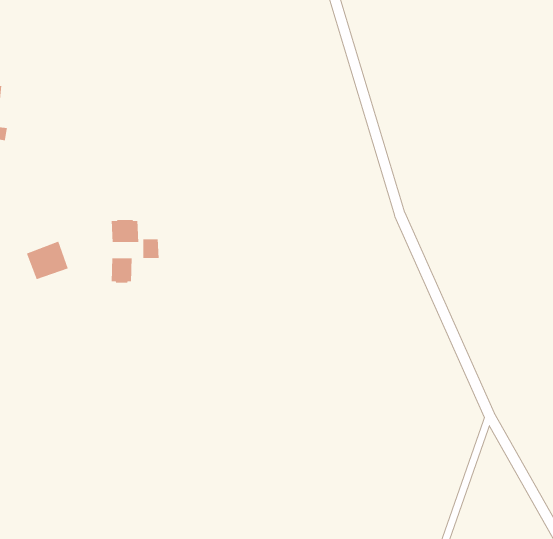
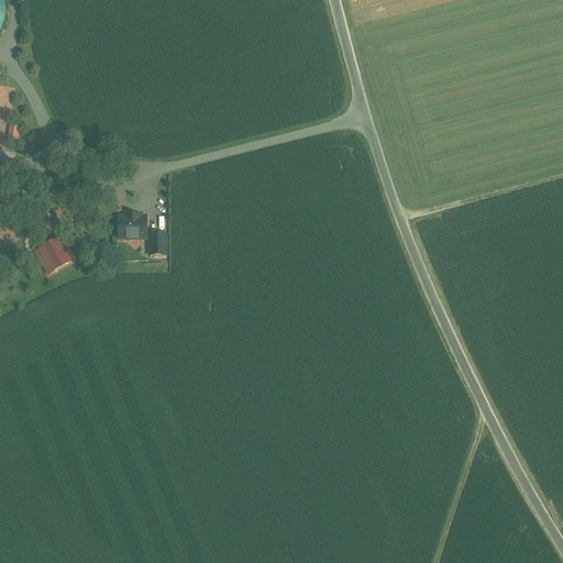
building: [111,258,133,283] -> none

